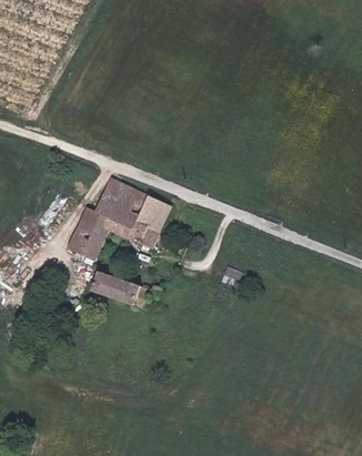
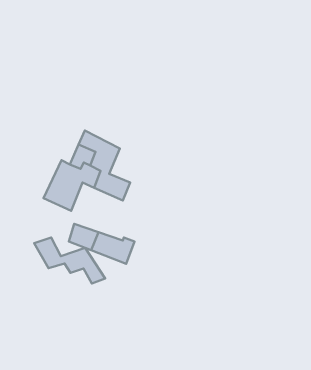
building: [135,194,169,230] -> none
building: none -> [34,238,105,283]

